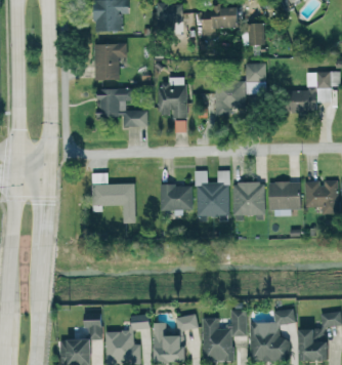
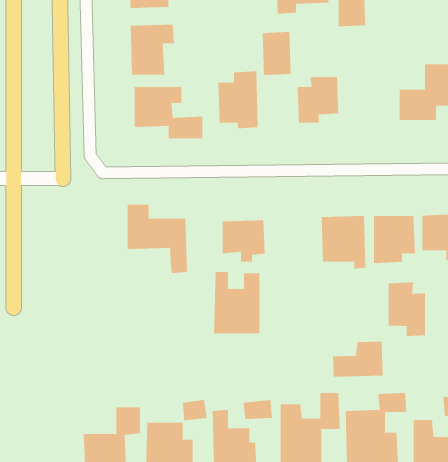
building: [245,63,266,94] -> [262,32,292,76]
building: [196,170,229,215] -> [213,271,260,334]
building: none -> [388,281,425,337]
building: none -> [332,341,383,377]

